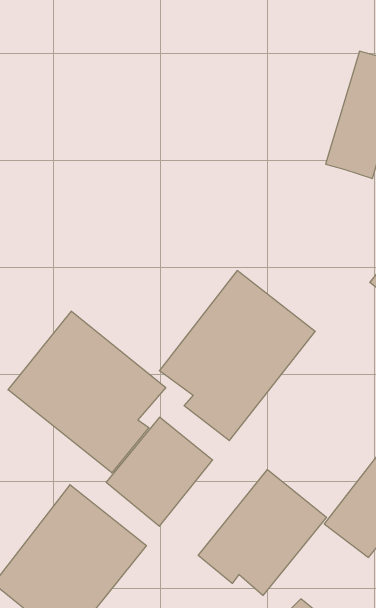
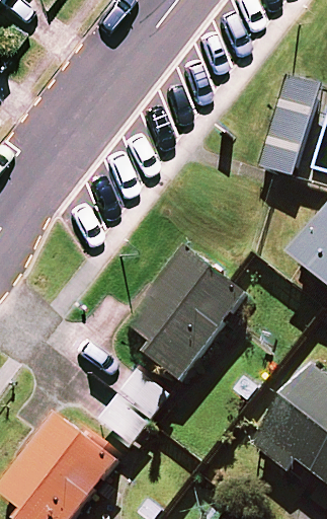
building: [8,311,166,473] -> none
building: [198,470,326,595] -> none

